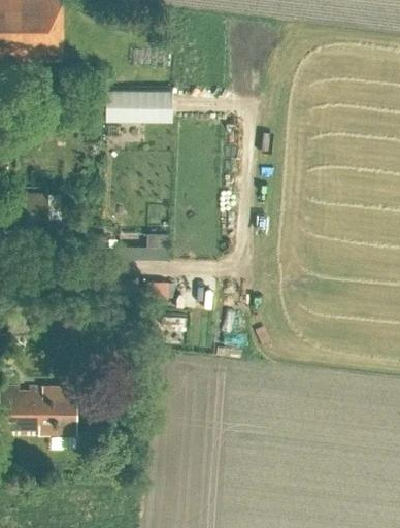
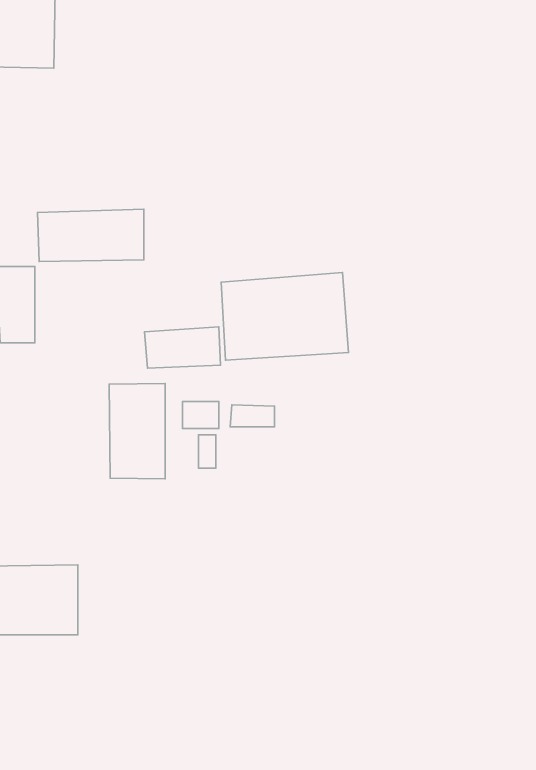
building: [104,87,173,121] -> [37,209,144,262]
building: none -> [221,273,349,360]
building: none -> [109,384,165,479]

